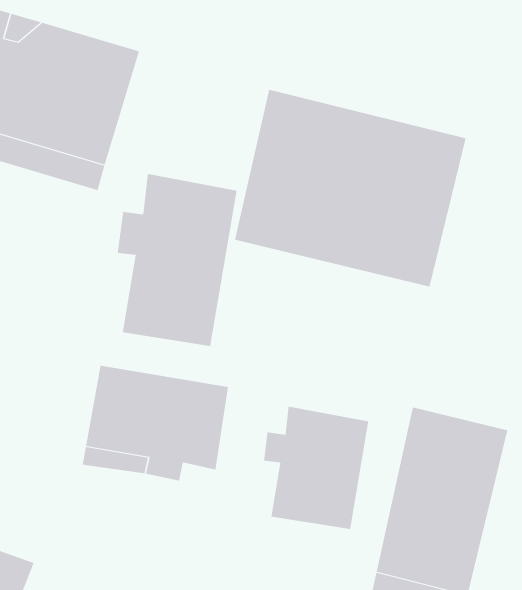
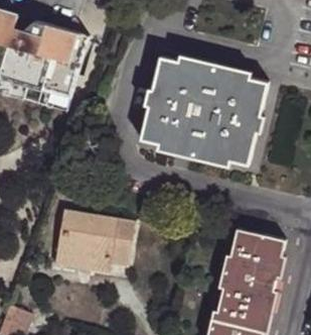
building: [117,173,237,347] -> none
building: [264,406,369,530] -> none

